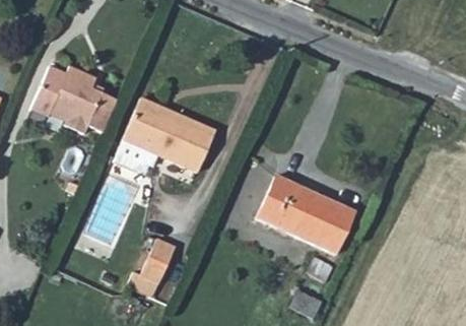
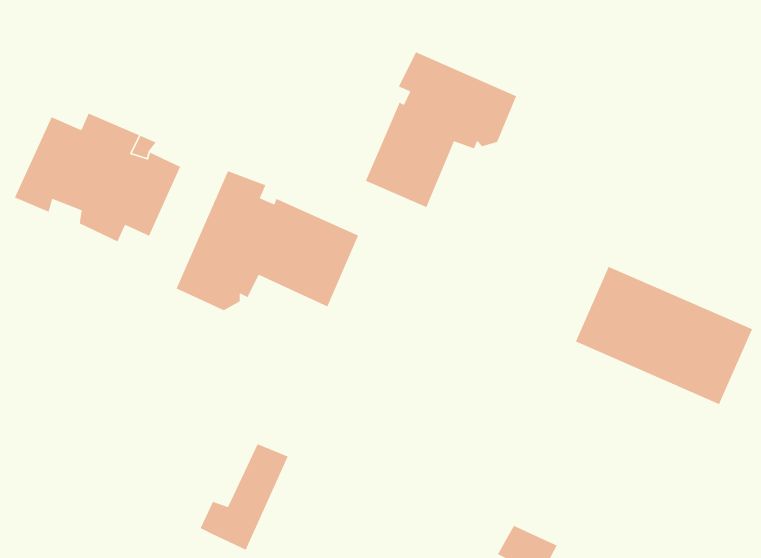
building: none -> [365,51,517,208]
building: [258,176,355,252] -> [575,266,753,405]

